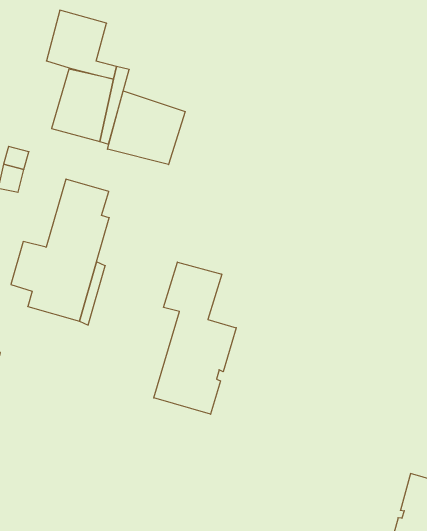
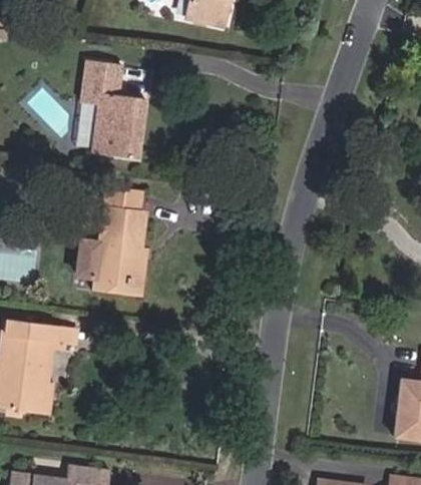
building: [107,91,185,165] -> none
building: [154,262,236,414] -> none

